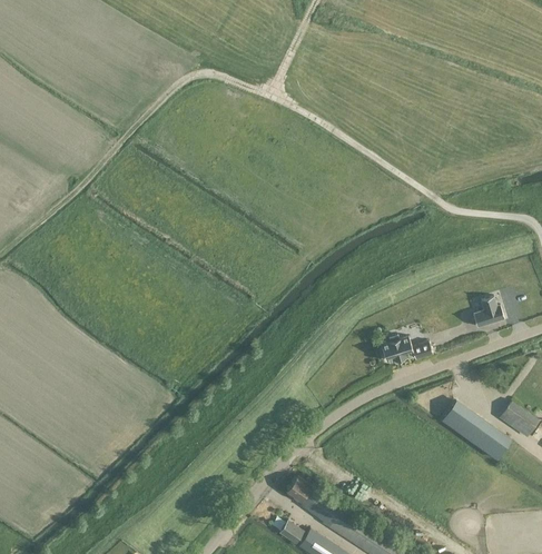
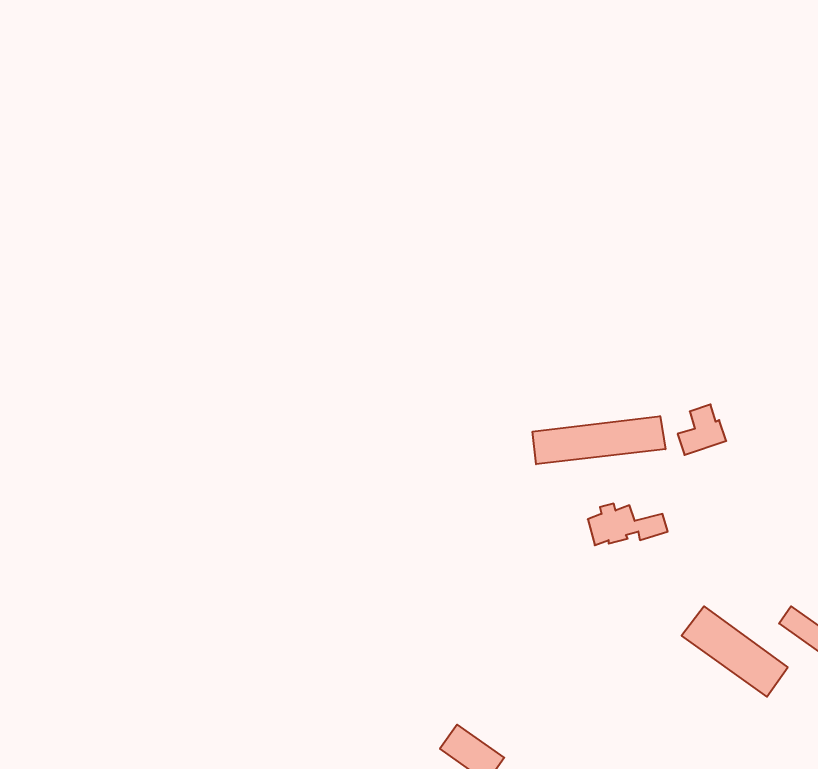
building: none -> [533,416,665,464]
building: [472,295,503,327] -> [678,404,726,455]

